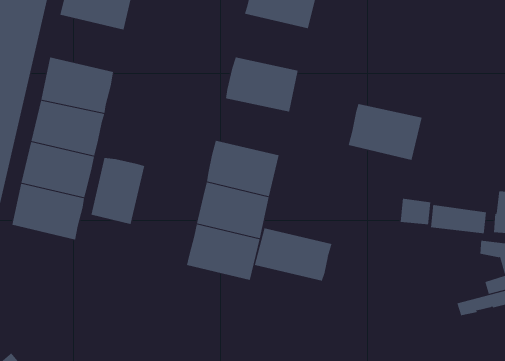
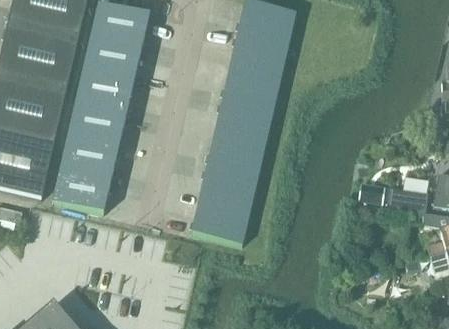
building: none -> [231,30,289,75]
building: none -> [84,31,143,76]
building: [348,103,422,160] -> [215,97,274,142]
building: [91,157,145,225] -> none
building: [254,228,332,282] -> none

